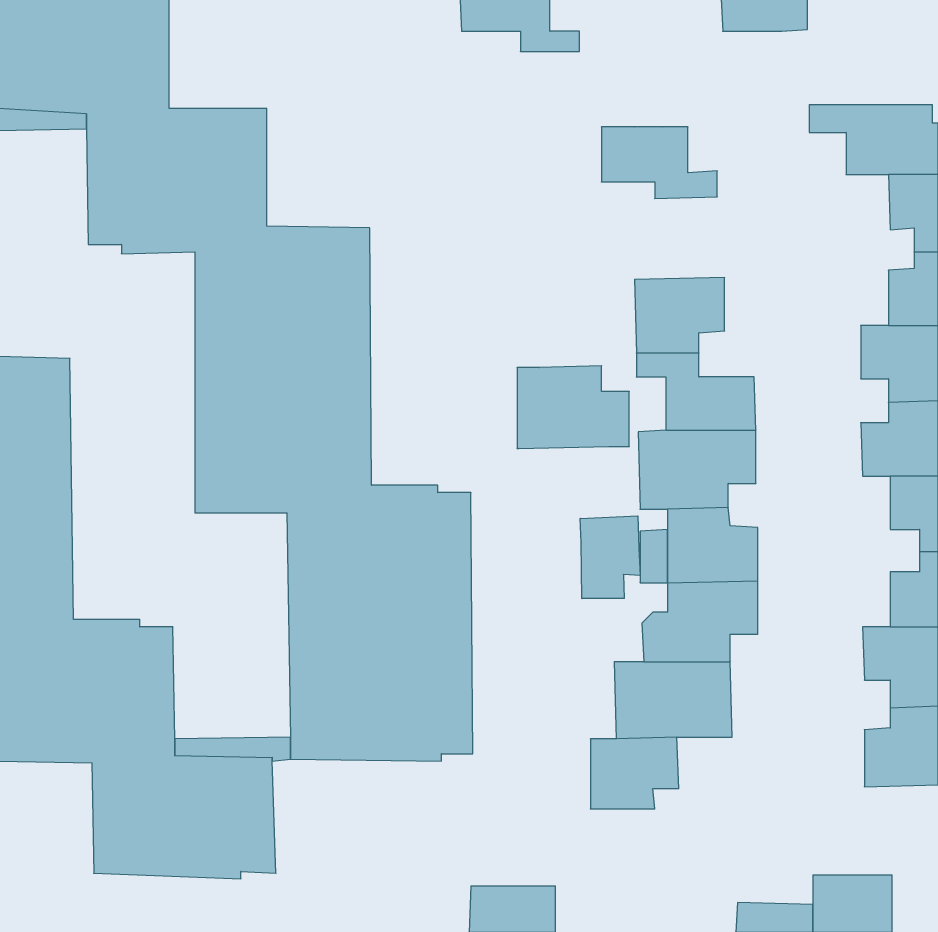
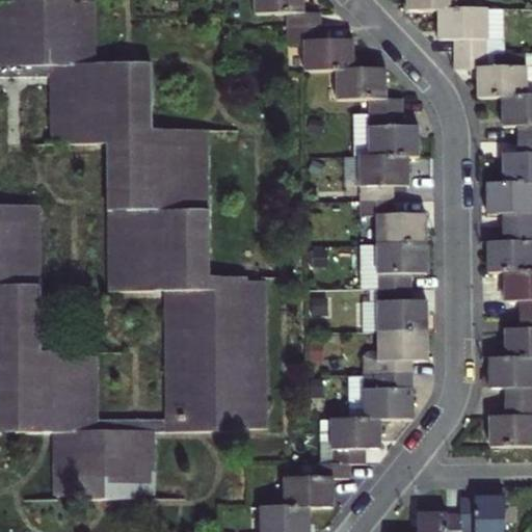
building: none -> [442,17,490,59]
building: none -> [294,29,358,72]
building: [517,366,629,448] -> [357,111,421,158]
building: [580,516,640,599] -> none
building: none -> [288,457,353,501]

